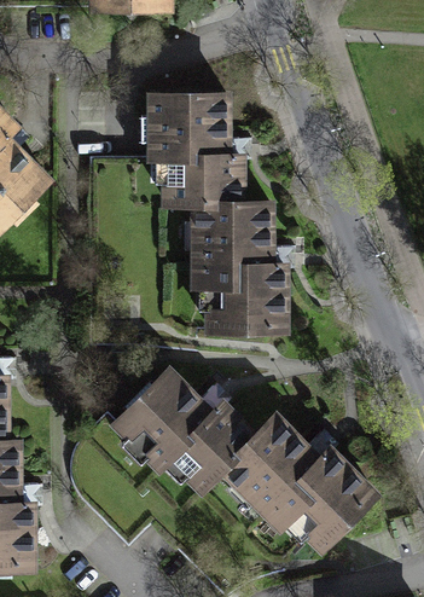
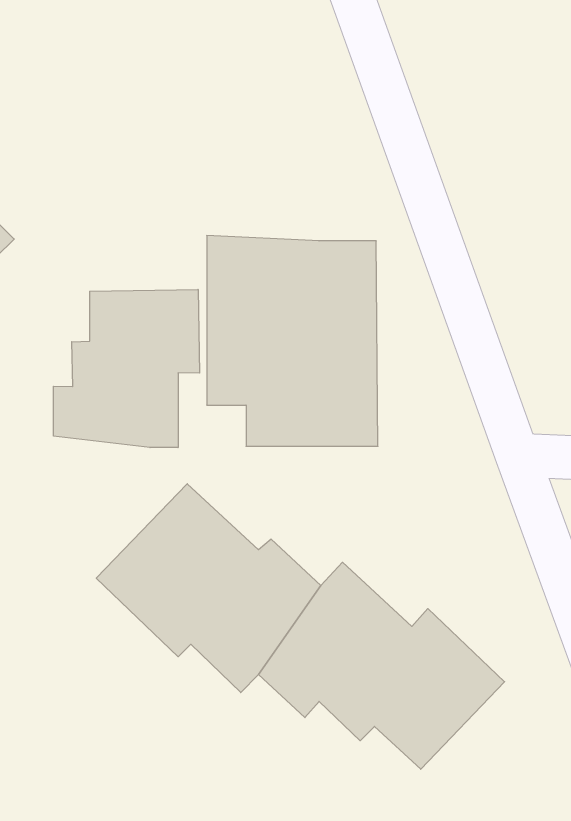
building: [141,91,251,196] -> none
building: none -> [54,289,200,448]

